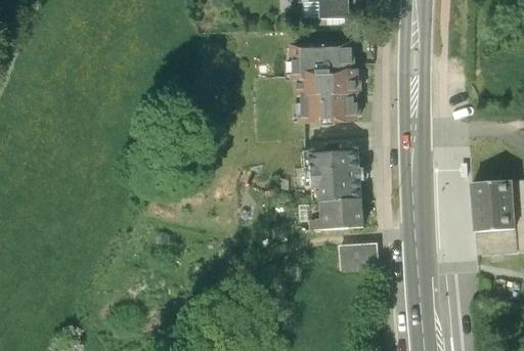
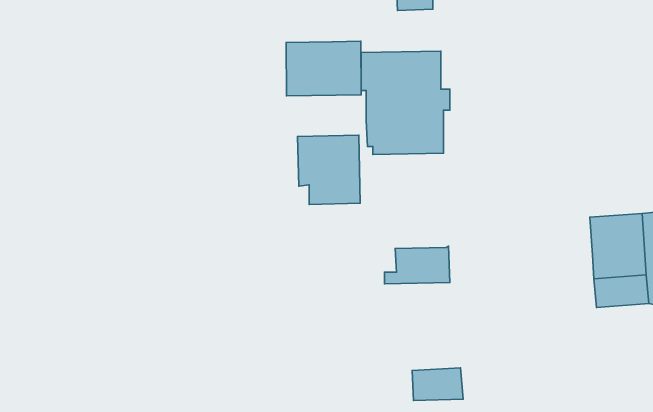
building: none -> [286,41,361,96]
building: [309,147,358,202] -> [297,135,360,205]
building: [338,243,378,268] -> [412,368,463,401]

